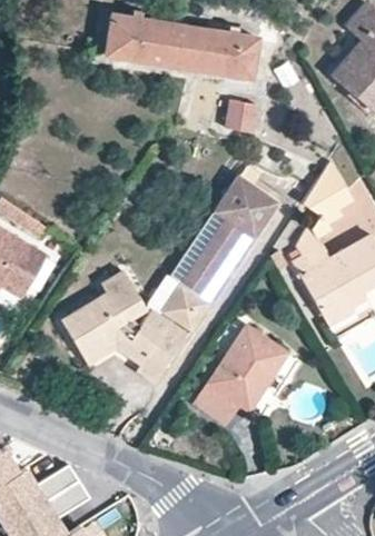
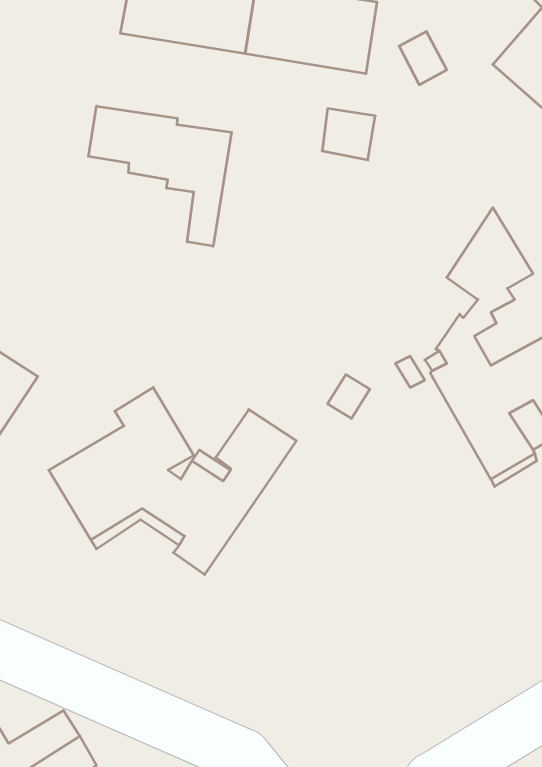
building: none -> [88,106,232,246]
building: [169,175,282,301] -> none
building: [196,326,287,423] -> none

